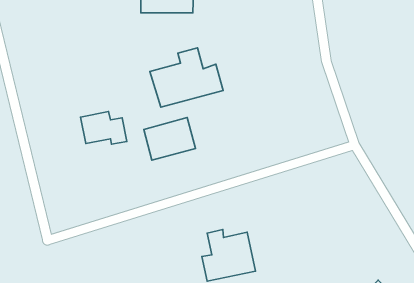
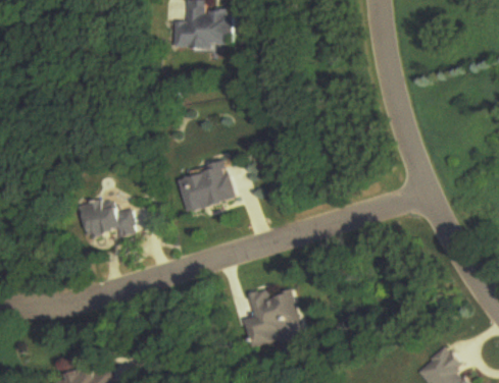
building: [150,48,223,107] -> none
building: [80,112,127,144] -> [82,201,134,237]

